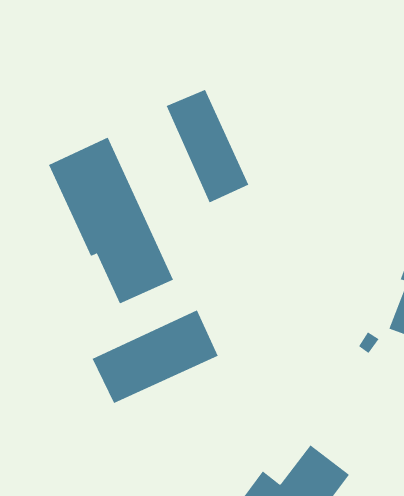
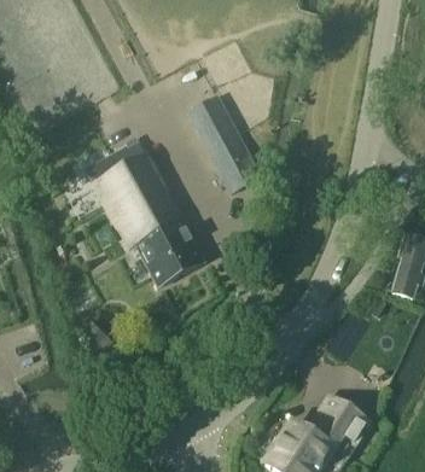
building: [92,309,219,404] -> none

